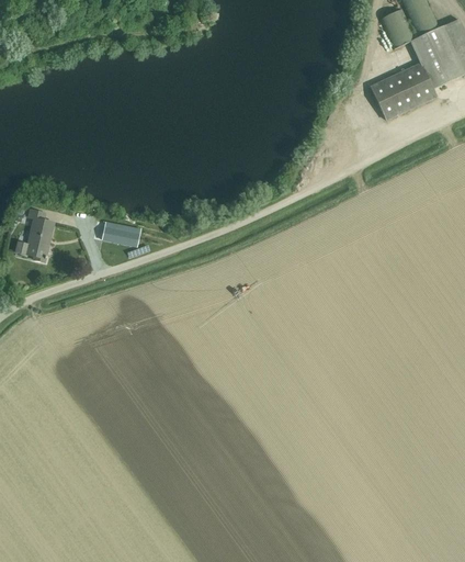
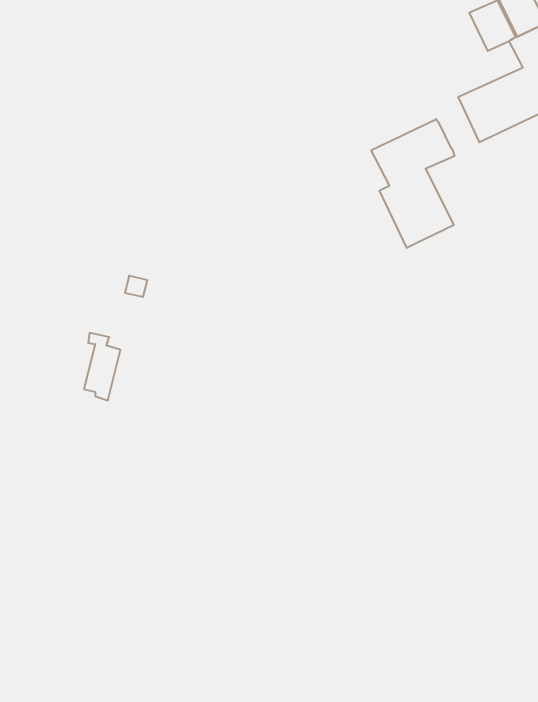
building: none -> [371,119,454,248]
building: [26,209,55,261] -> [84,333,120,400]

